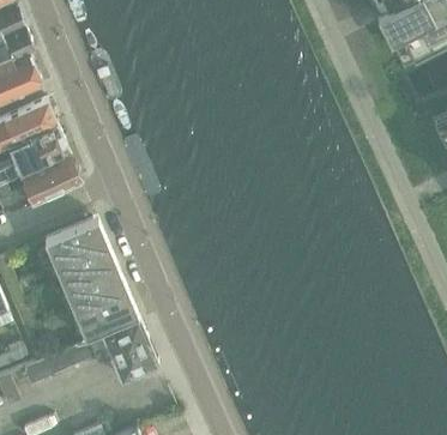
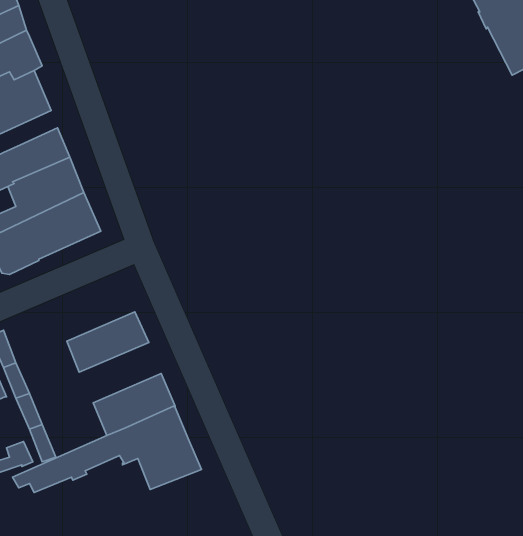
building: [44,219,108,266] -> none
building: [65,267,128,314] -> none

